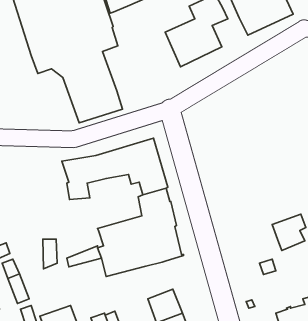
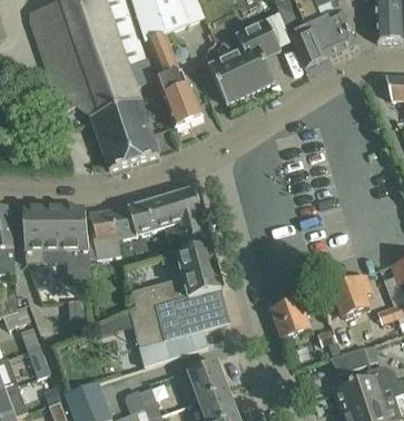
building: none -> [149,33,203,126]
building: none -> [23,206,91,280]
building: none -> [272,296,311,337]
building: none -> [140,330,208,364]
building: none -> [328,345,368,373]

